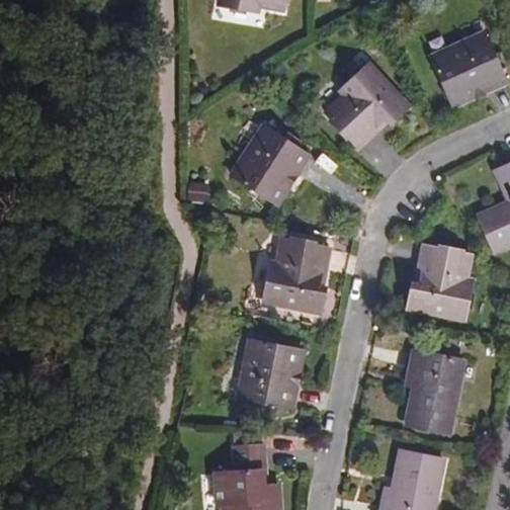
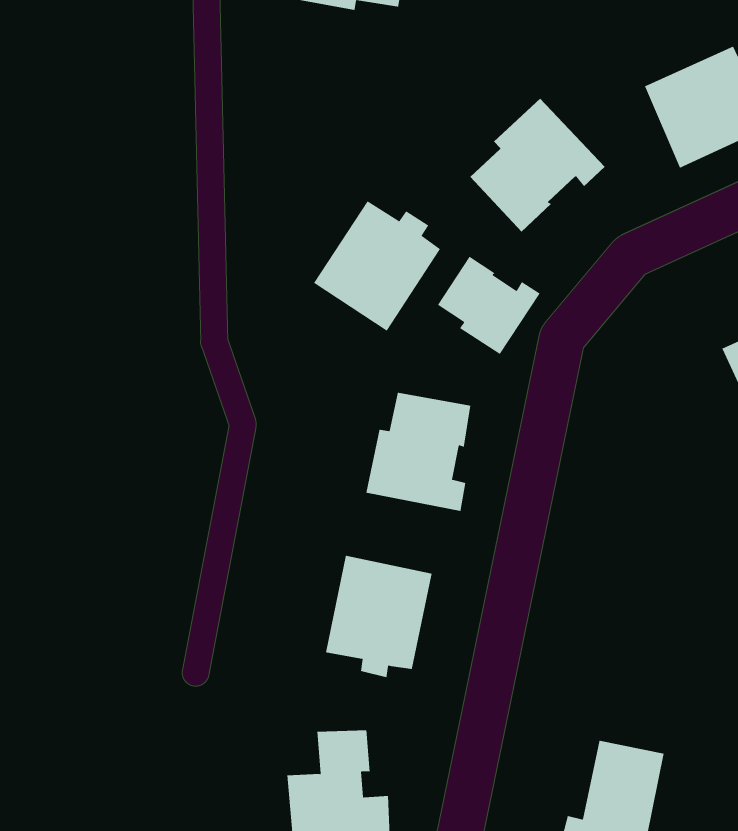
building: none -> [437,256,541,355]
building: [408,246,473,319] -> none
building: [407,349,462,432] -> none

